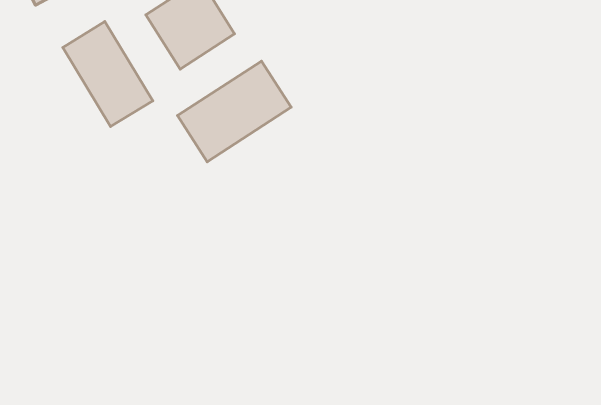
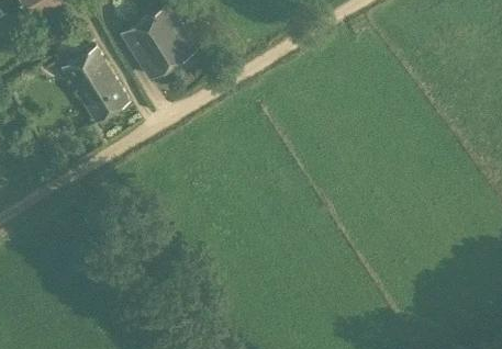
building: [177,61,291,162] -> none

